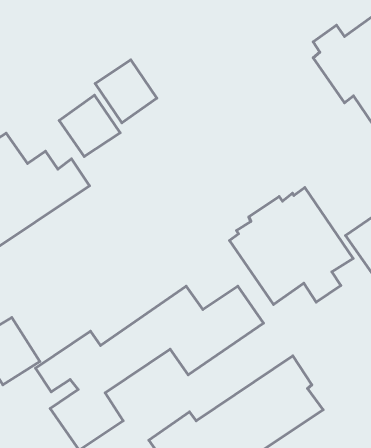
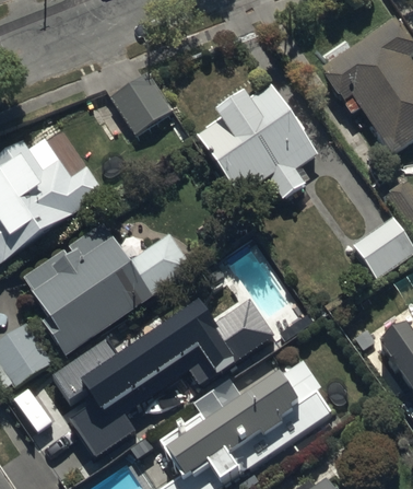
building: [59,95,120,157] -> none
building: [230,188,353,305] -> [198,86,318,200]
building: none -> [23,222,193,358]

